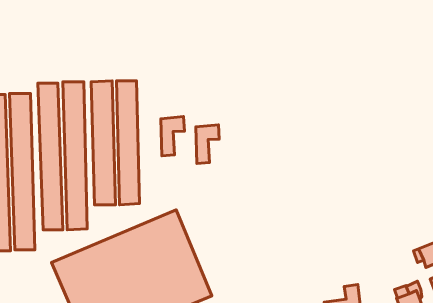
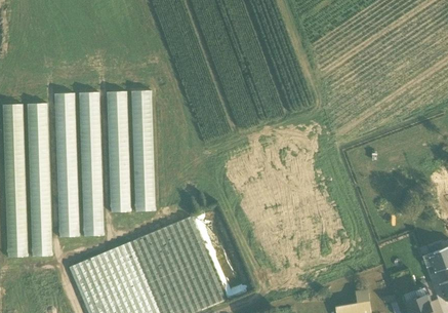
building: [161,116,184,156] -> none
building: [196,125,219,163] -> none

